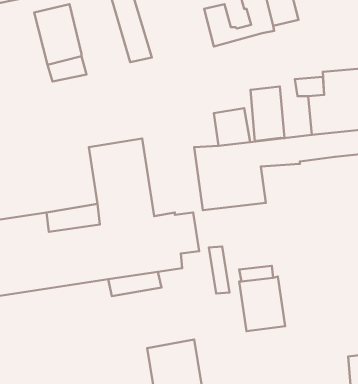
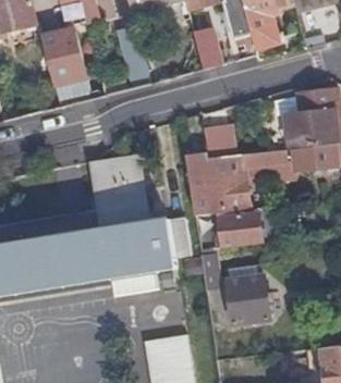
building: [251,87,284,142] -> none
building: none -> [215,212,260,247]

